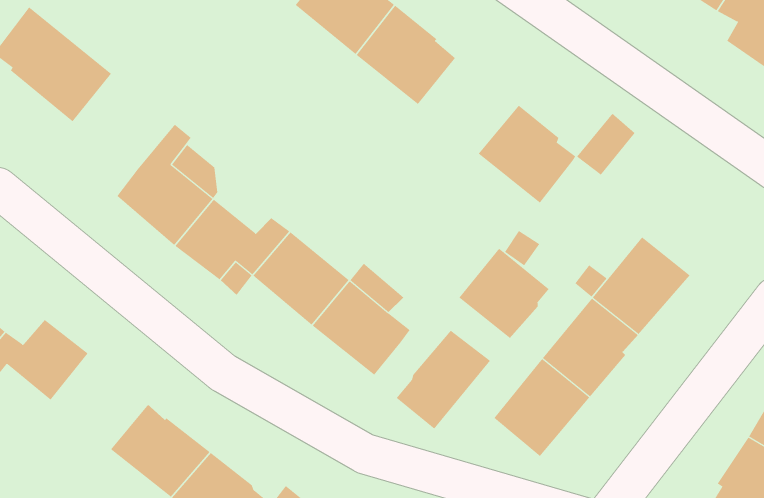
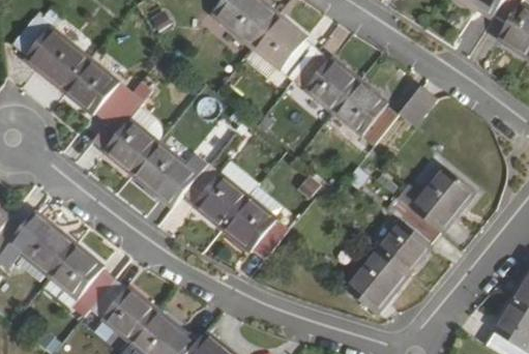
building: none -> [293,49,359,112]
building: none -> [64,59,131,122]
building: [458,248,549,339] -> none
building: [396,330,491,430] -> none
building: none -> [50,244,114,307]

